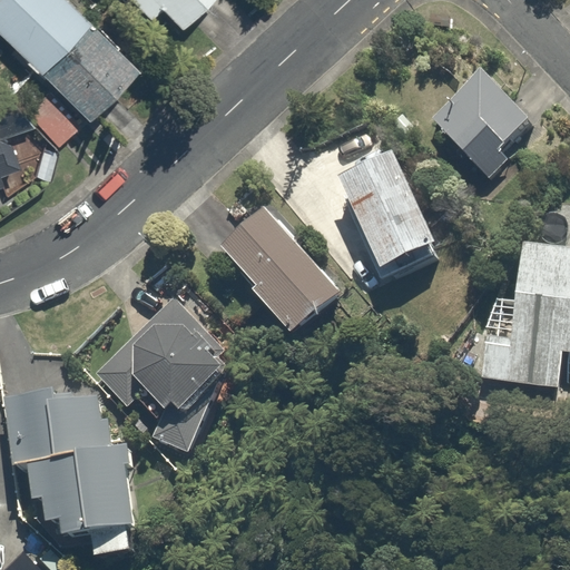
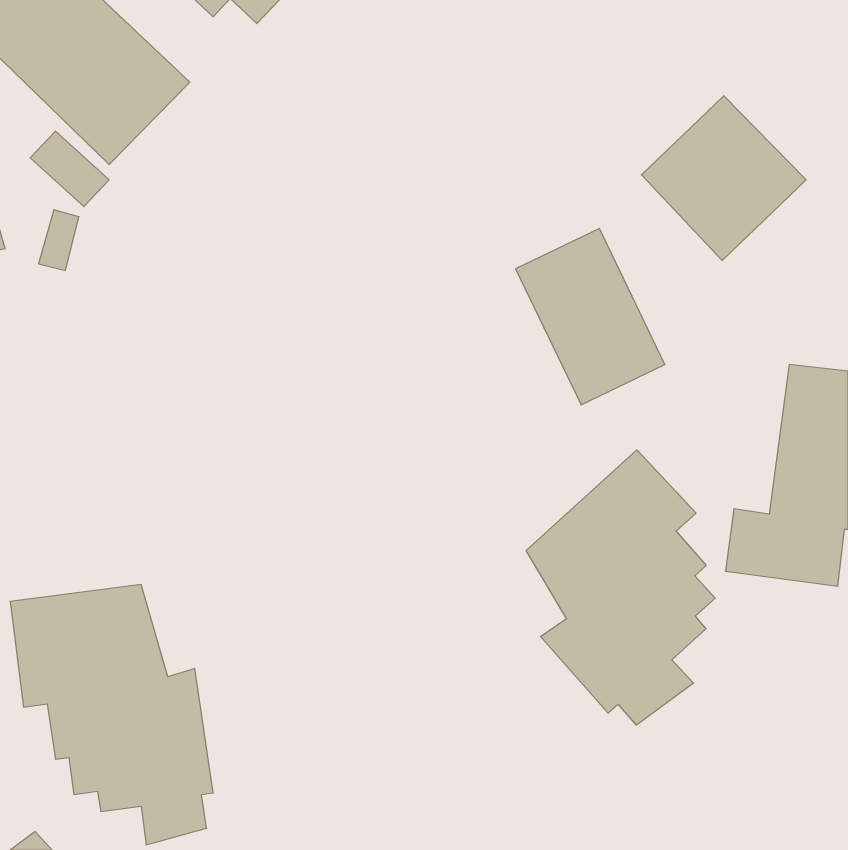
building: [222,204,350,344] -> none
building: none -> [526,450,715,725]
building: [85,302,233,459] -> none

